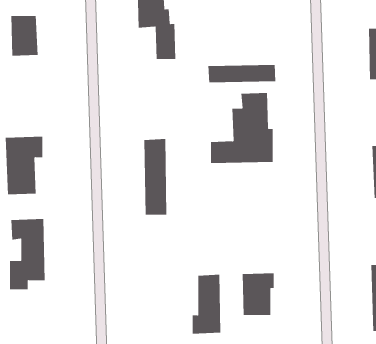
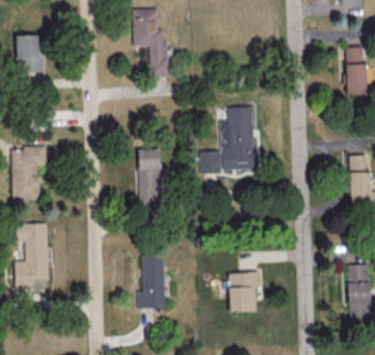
building: [208,64,276,83] -> none
building: [192,274,221,334] -> [138,254,165,309]

